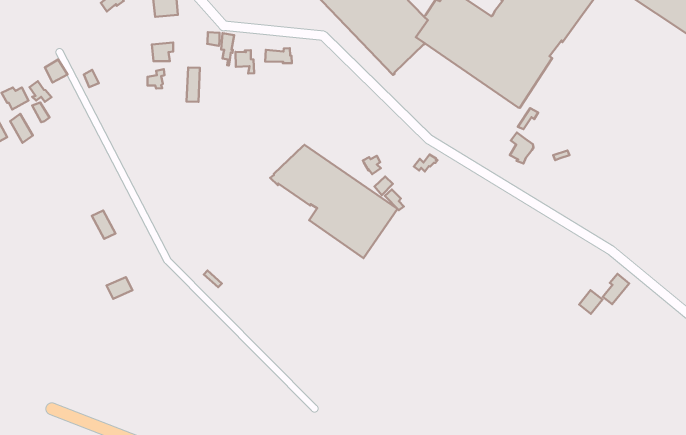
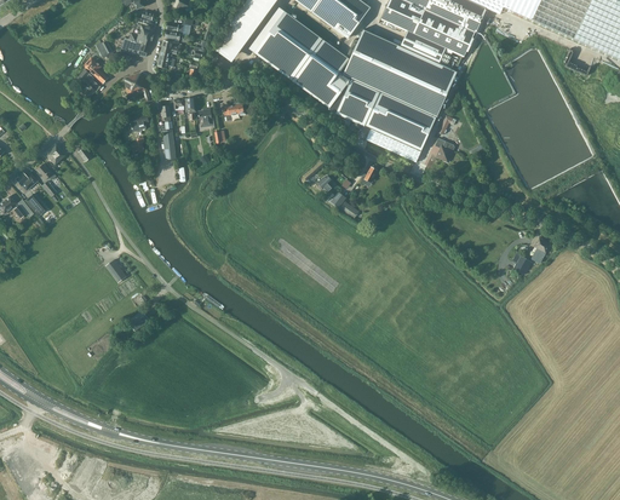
building: [270,145,398,258] -> [328,77,436,161]

